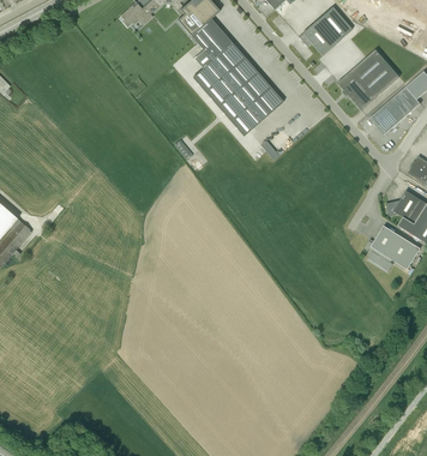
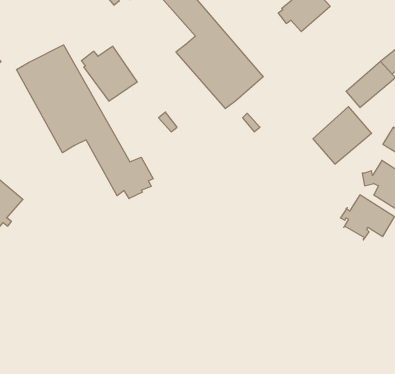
building: [338,48,399,108] -> [313,107,372,164]
building: none -> [17,45,153,199]
building: none -> [81,46,137,101]

